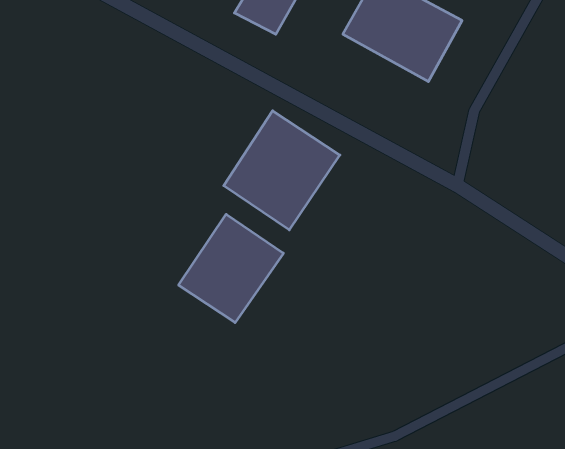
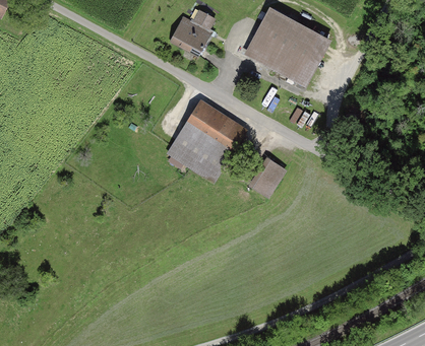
building: none -> [250,160,286,198]
building: [179,214,283,323] -> none

